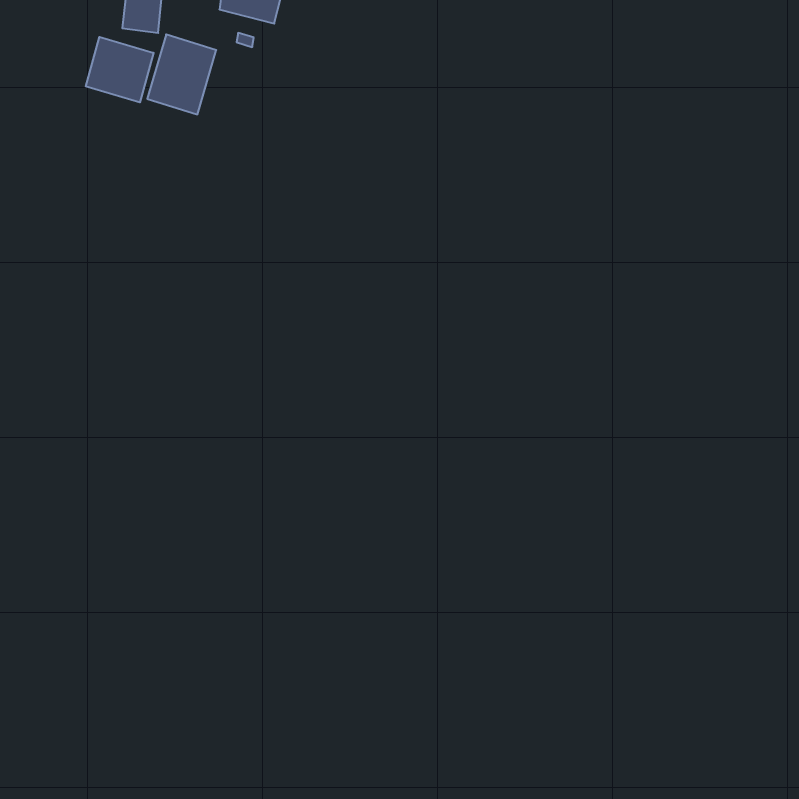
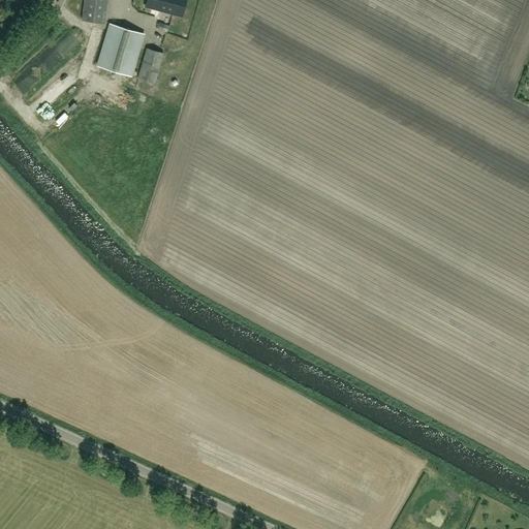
building: [86,37,154,102] -> none
building: none -> [136,46,162,83]

